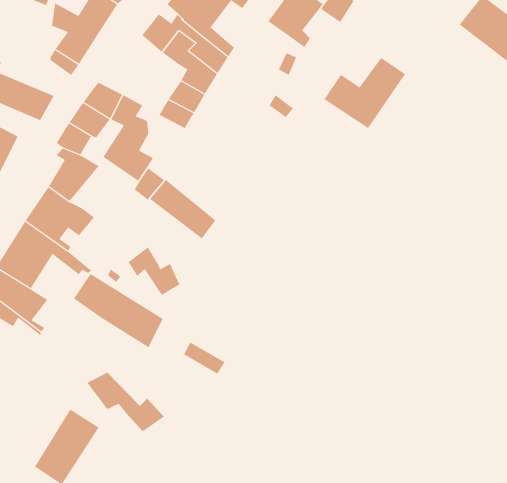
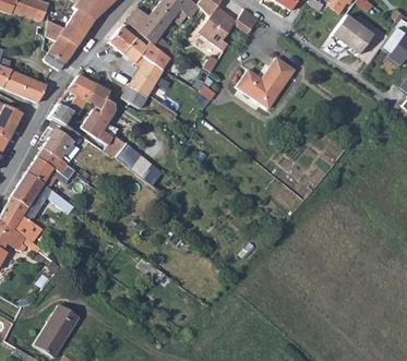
building: [128,247,180,296] -> none
building: [73,273,164,348] -> none
building: [86,372,165,432] -> none

